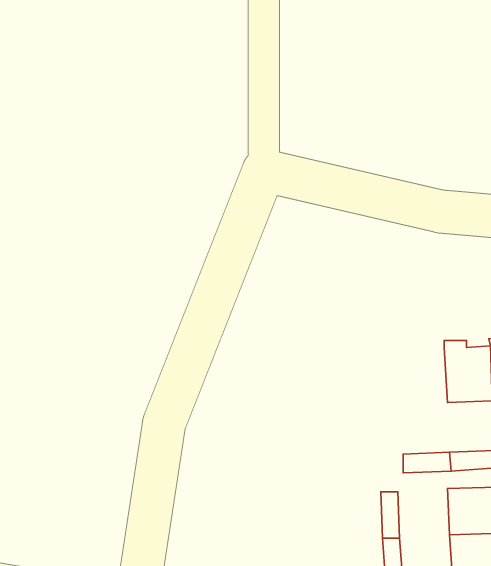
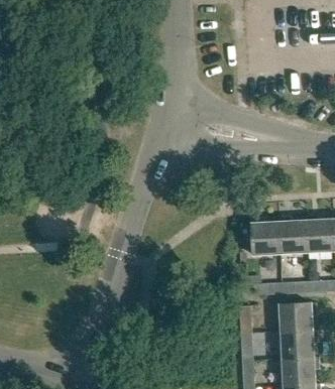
building: none -> [250,219,280,256]

